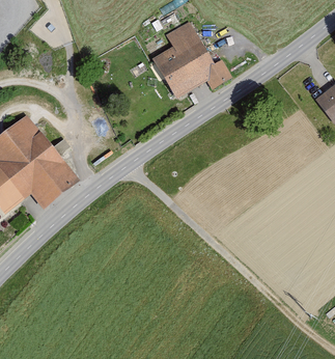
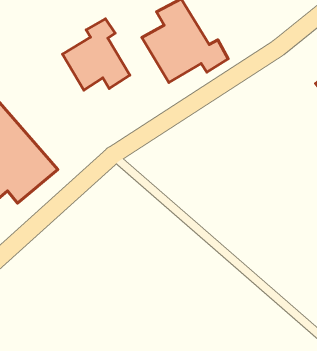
building: none -> [62,19,130,90]

